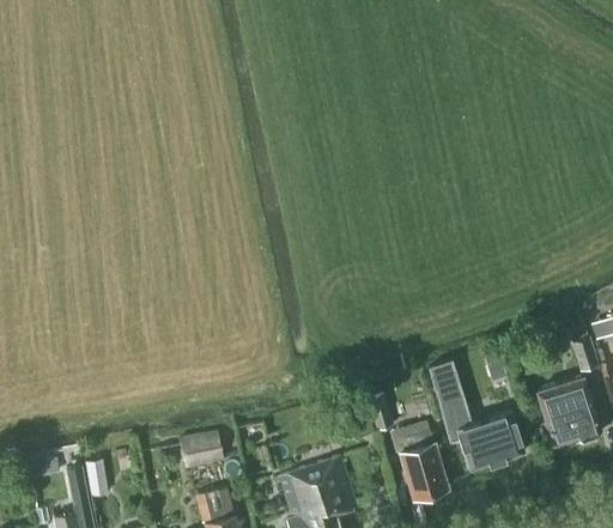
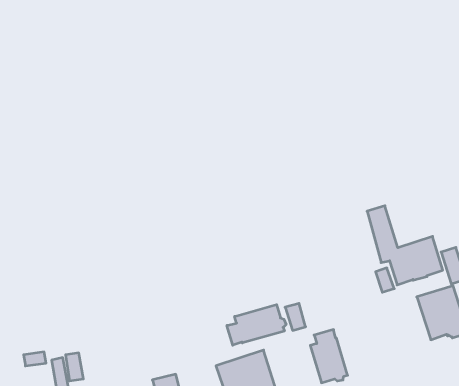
building: [429,369,526,471] -> [367,206,443,285]
building: none -> [227,305,286,345]
building: [180,432,225,472] -> none

